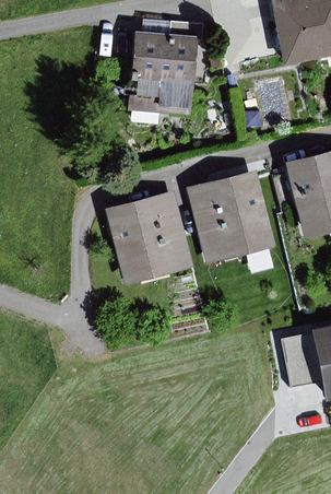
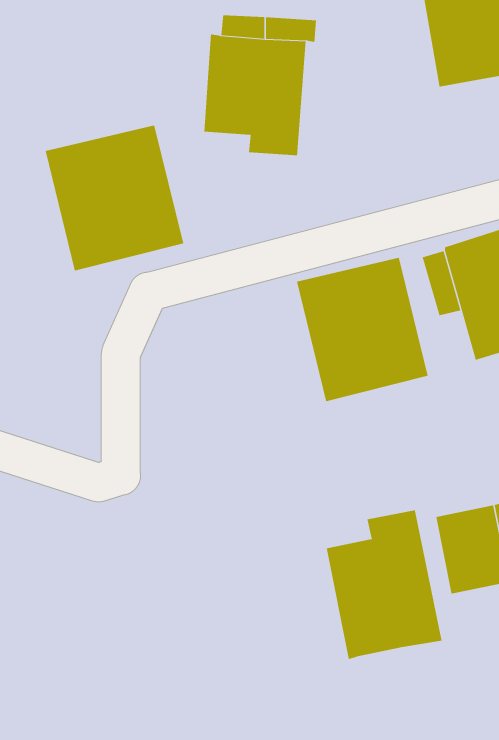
building: [105,193,193,286] -> [45,125,184,271]
building: none -> [326,509,442,660]

